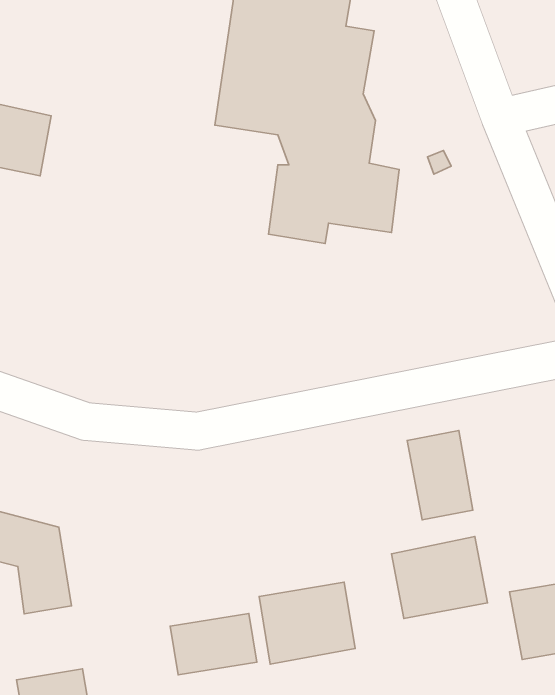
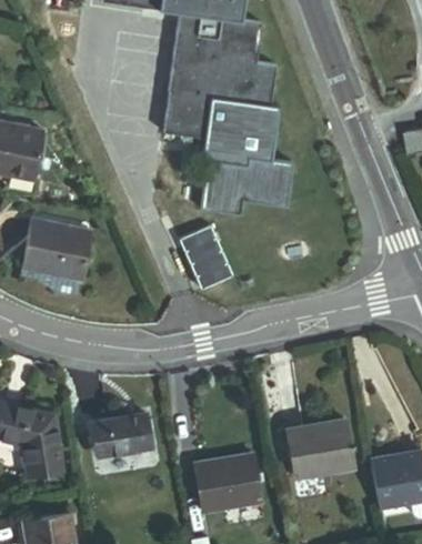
building: none -> [21,221,91,280]
building: none -> [180,222,230,285]
building: [407,430,473,520] -> none
building: [170,613,257,675] -> [91,414,152,457]

